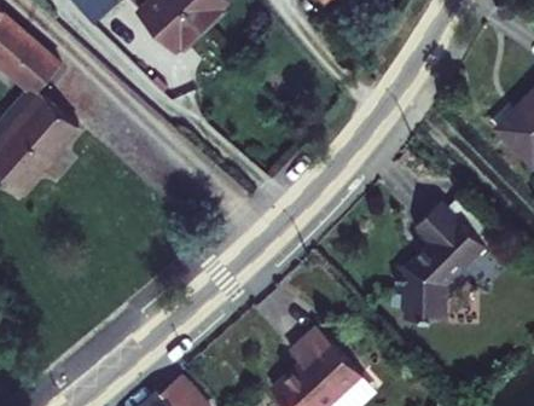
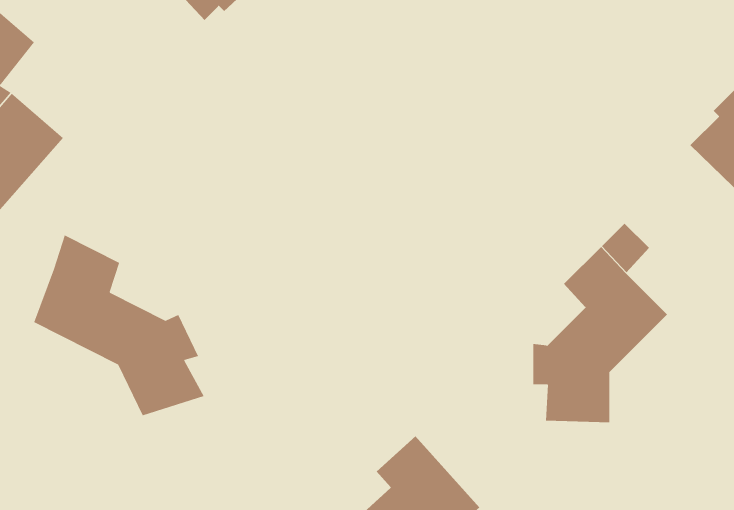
building: none -> [34,234,204,416]

